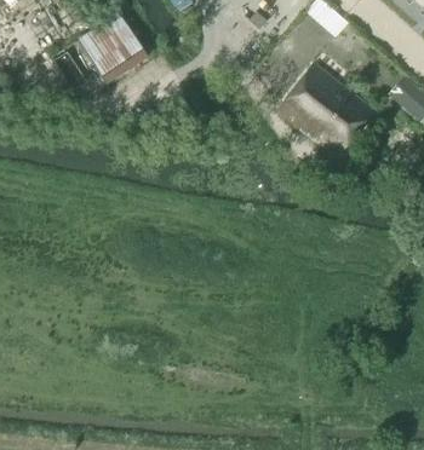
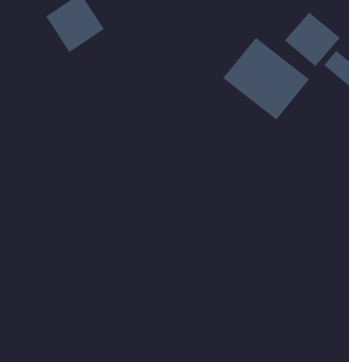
building: none -> [284,11,341,67]

